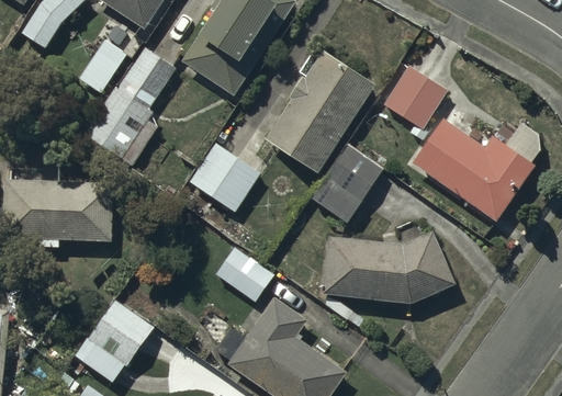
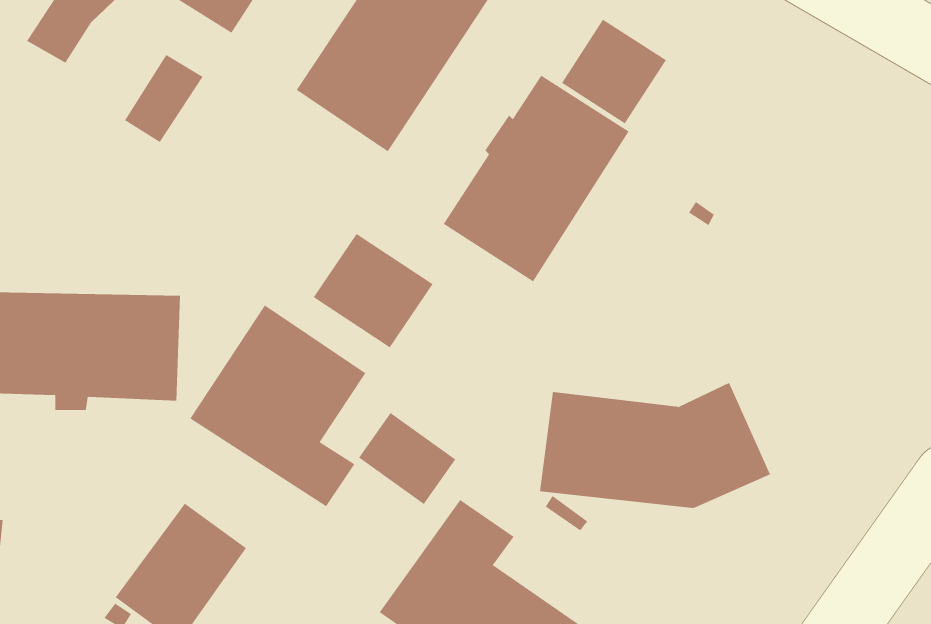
building: [85,46,177,161] -> none
building: [384,67,446,128] -> [561,19,667,124]
building: [411,117,533,222] -> none
building: [312,145,382,222] -> none
building: none -> [189,304,366,507]

